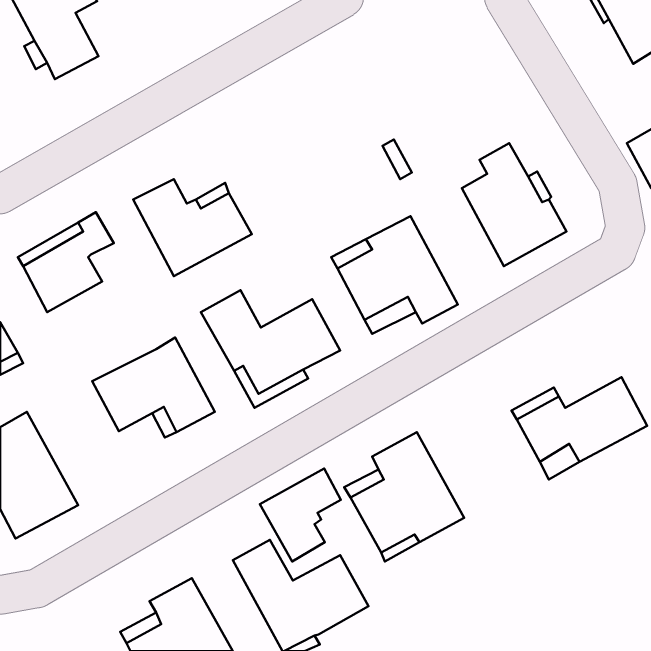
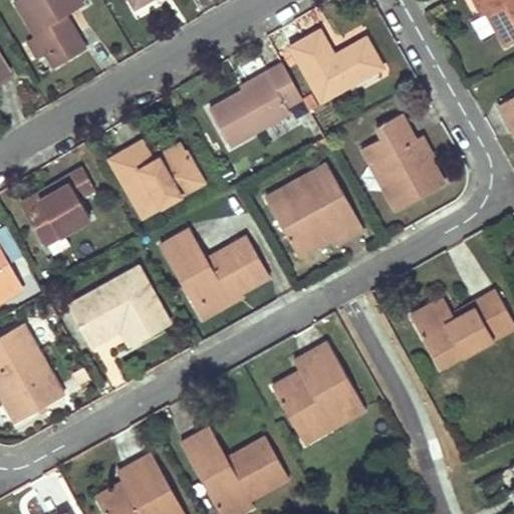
building: none -> [293,28,384,99]
building: none -> [206,64,299,147]
building: [260,468,341,562] -> none

